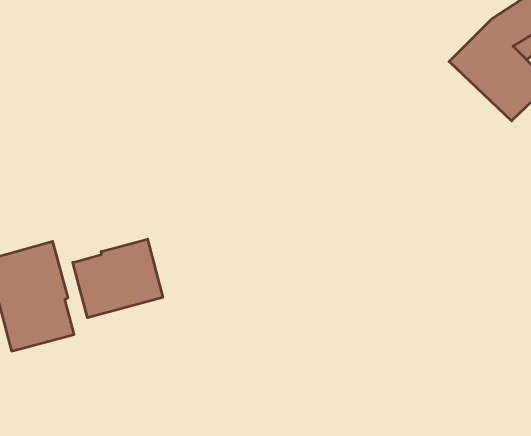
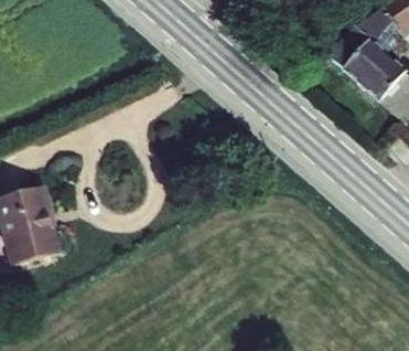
building: [73,239,163,318] -> none

